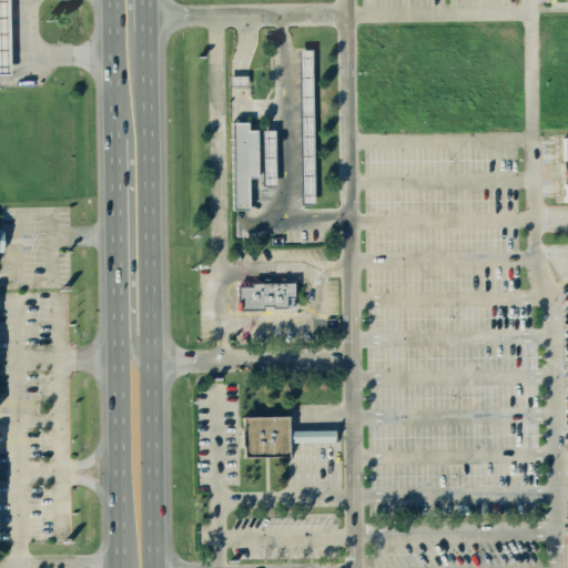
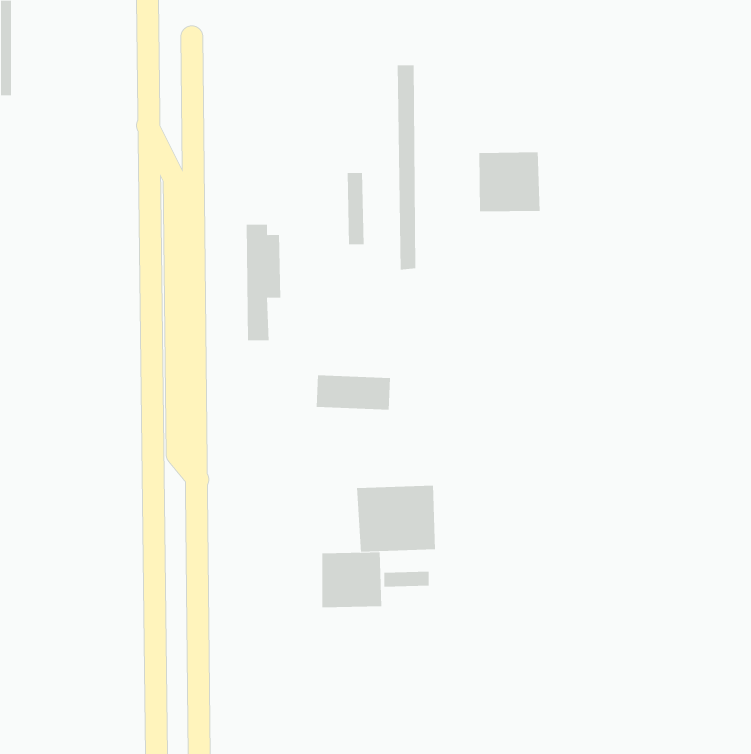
building: none -> [479,152,540,212]
building: [233,121,260,209] -> [246,224,281,341]
building: none -> [357,485,435,552]

